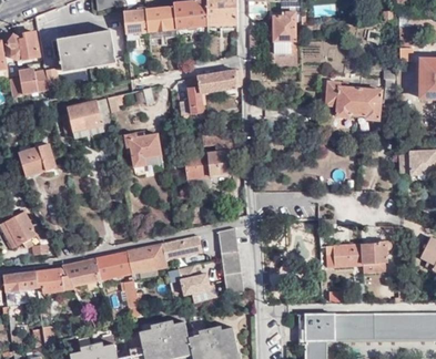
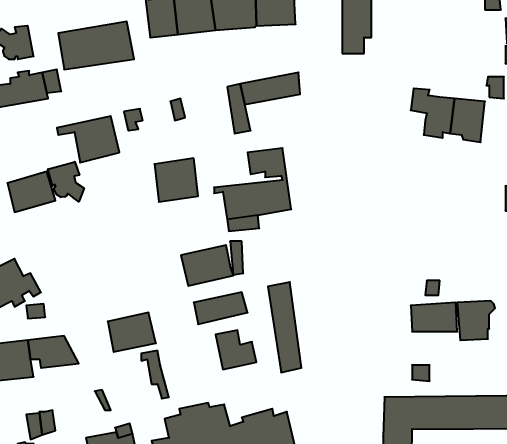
building: none -> [48,162,84,202]
building: [126,243,166,274] -> [181,245,233,286]
building: [61,257,101,291] -> none

